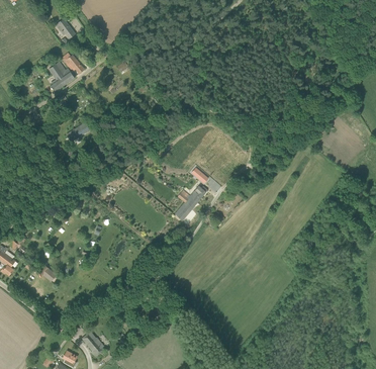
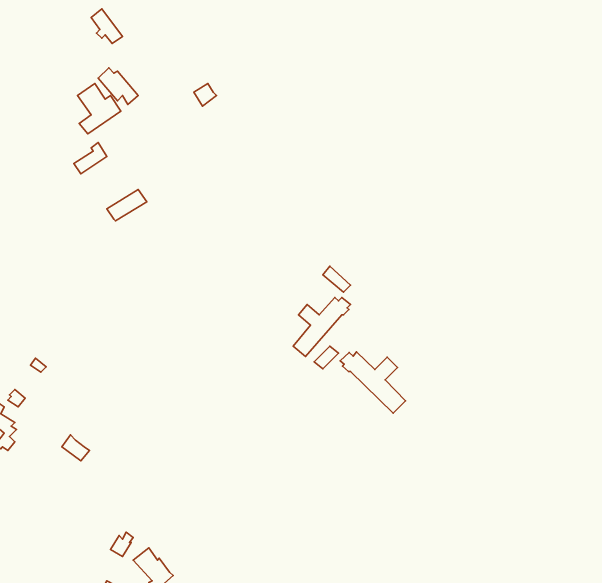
building: none -> [340,352,406,413]

